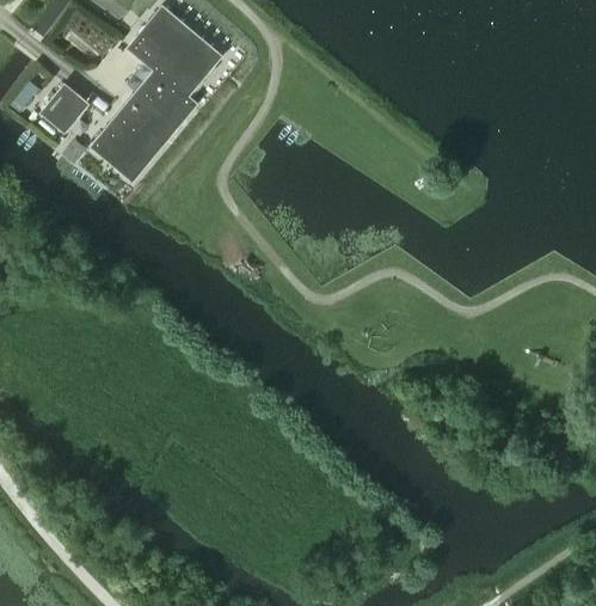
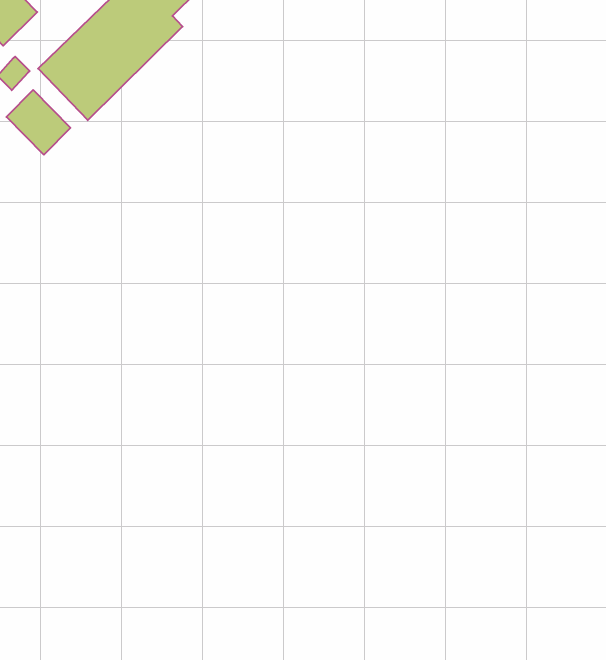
building: none -> [6,90,70,155]

